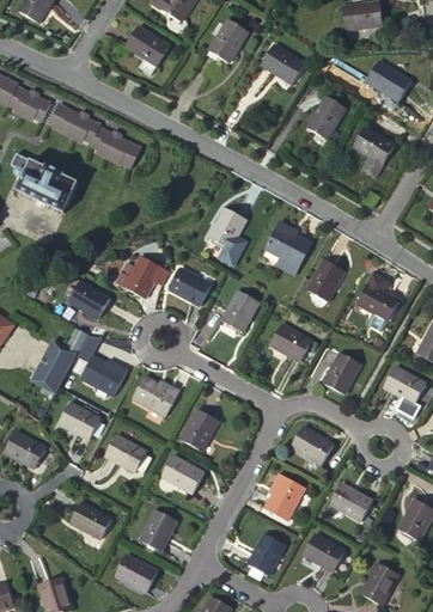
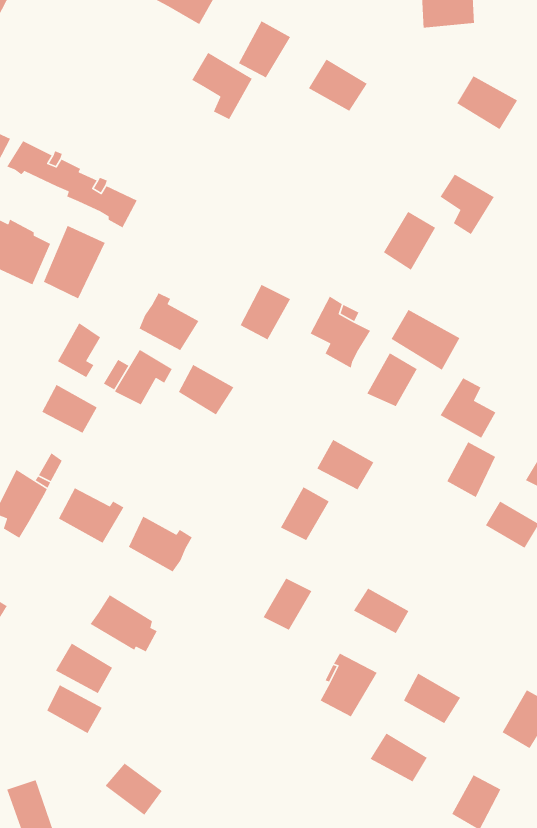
building: [126,29,170,78] -> [191,52,253,120]
building: [306,100,344,143] -> [383,211,436,271]
building: none -> [43,225,106,299]
building: none -> [139,292,199,351]
building: none -> [390,309,460,371]
building: none -> [57,323,101,378]
building: [218,292,254,331] -> [280,486,330,541]
building: [323,351,359,392] -> [446,441,496,498]
building: [57,403,99,440] -> [55,643,113,694]
building: [184,410,220,448] -> [262,577,312,631]
building: [159,459,201,495] -> none
building: [140,512,178,553] -> none
building: [252,533,291,575] -> none

